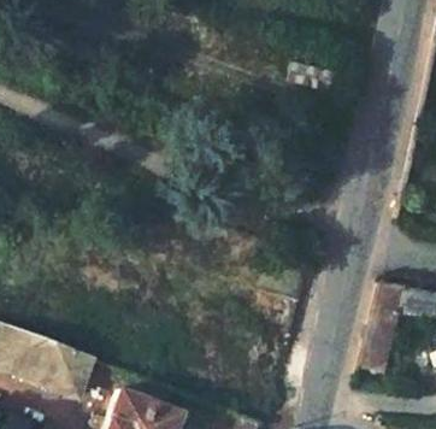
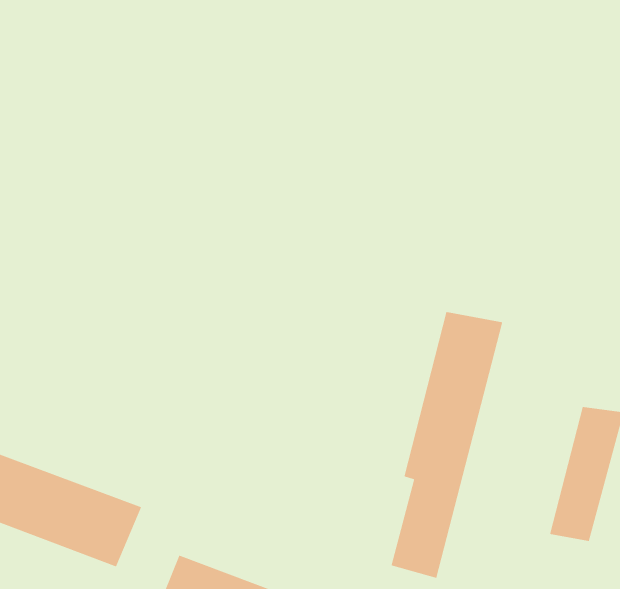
building: none -> [391,311,503,579]

